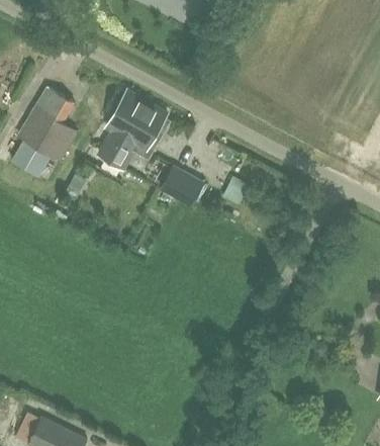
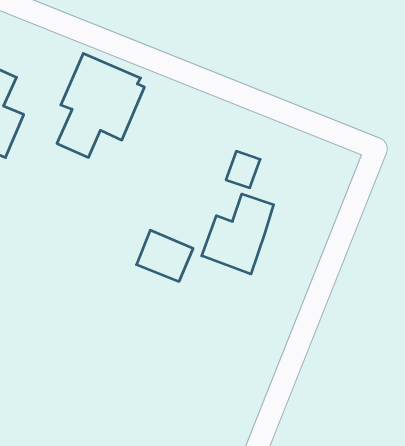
building: [159,165,202,205] -> [136,230,193,281]
building: none -> [202,194,274,274]

